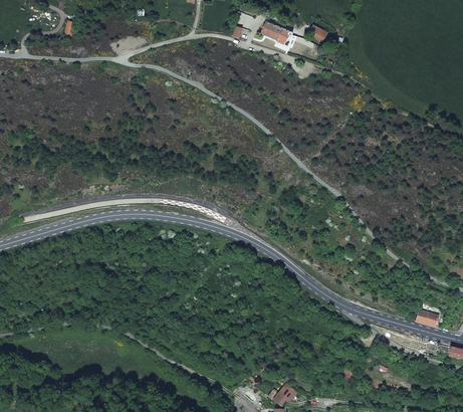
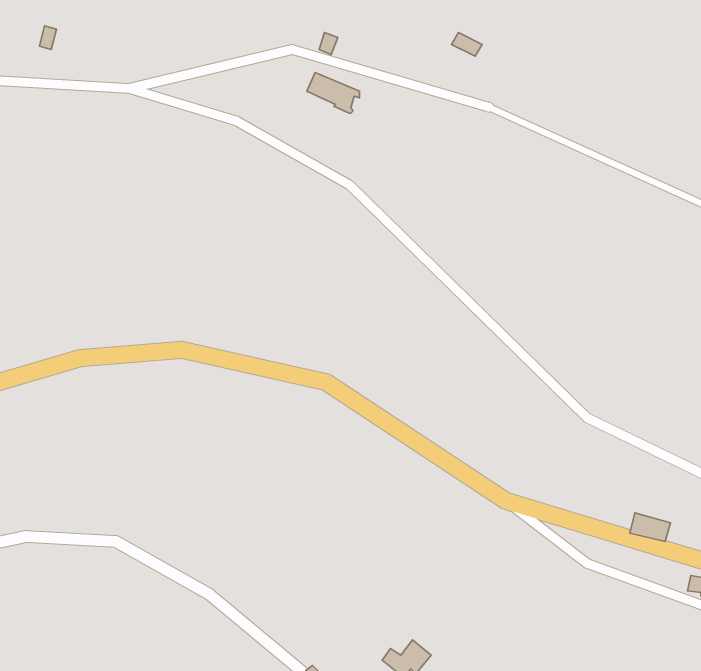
building: [260,20,291,44] -> [307,72,359,113]

